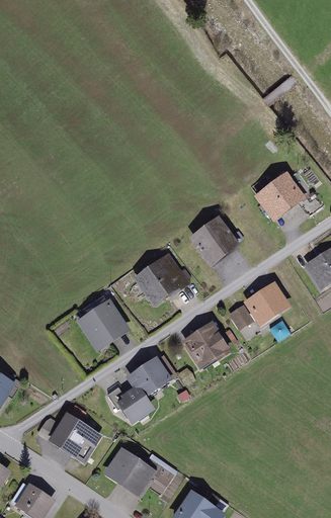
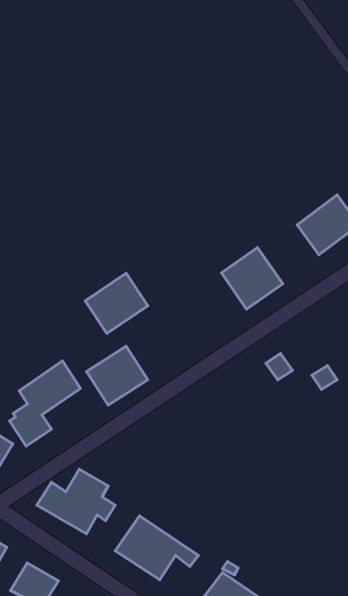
building: [134,256,186,307] -> [85,273,148,333]
building: [245,283,291,327] -> none
building: [182,323,231,369] -> none
building: [118,351,178,423] -> [9,361,81,446]

